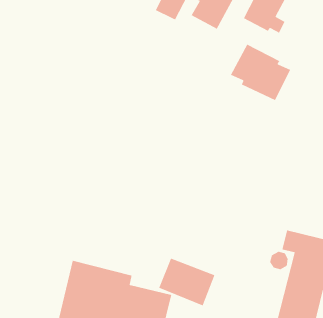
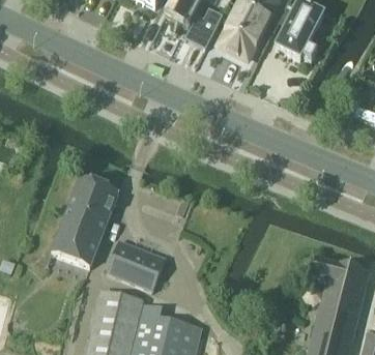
building: [230,44,291,101] -> none
building: none -> [52,176,119,265]
building: [158,258,215,307] -> [108,240,166,290]

